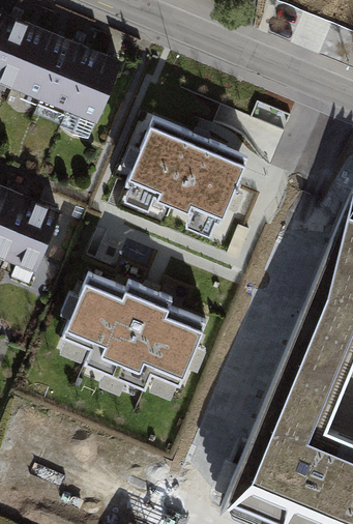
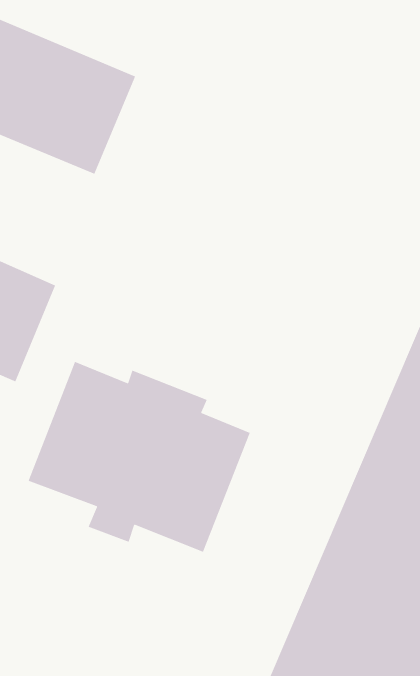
building: [121,116,249,238] -> none

